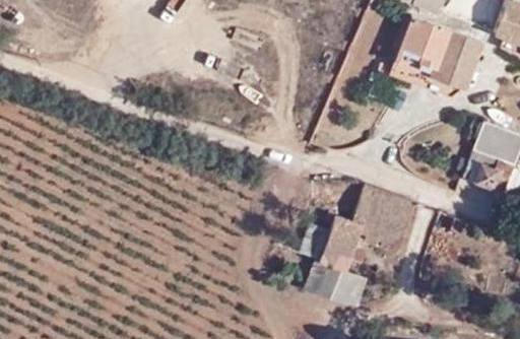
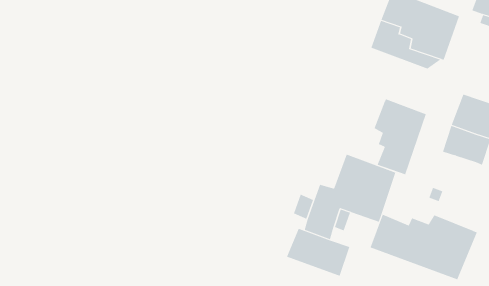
building: none -> [374,98,426,175]
building: none -> [370,214,477,280]

